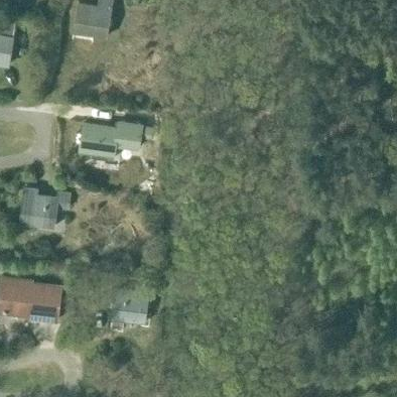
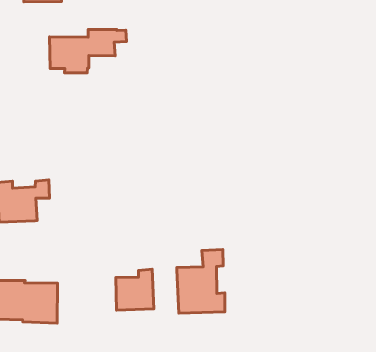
building: [79,123,151,161] -> [49,29,127,73]
building: none -> [177,250,225,313]

